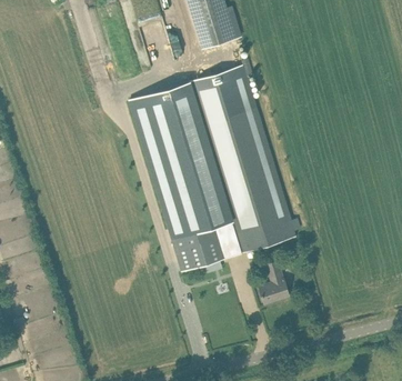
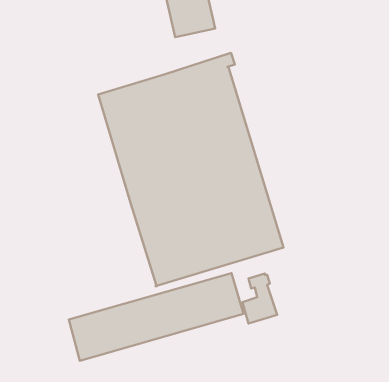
building: none -> [69,273,244,361]

